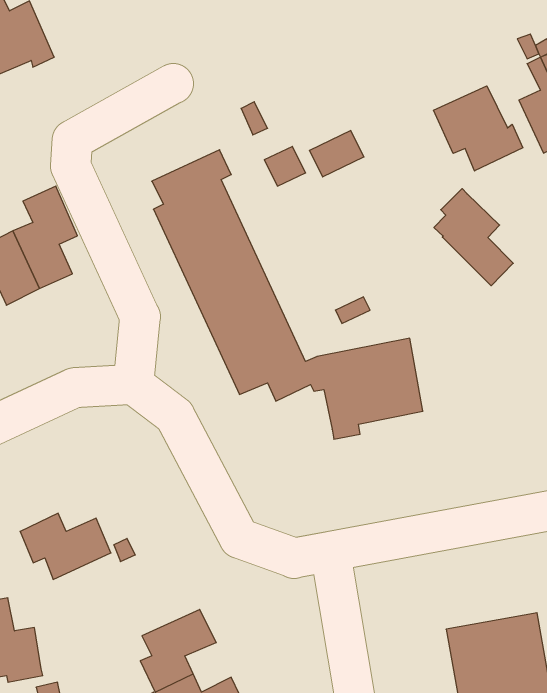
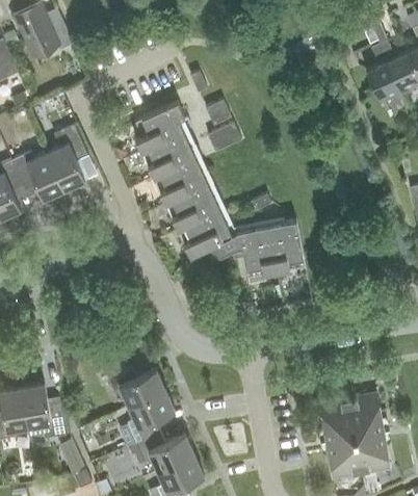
building: [433,86,523,171] -> none
building: [309,131,364,177] -> [207,123,241,152]
building: [434,189,513,286] -> none
building: [20,513,111,579] -> [107,366,164,408]

